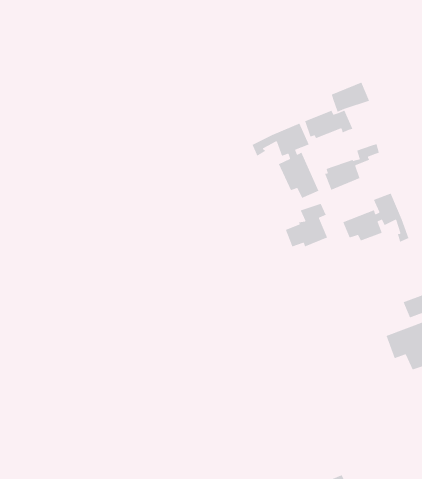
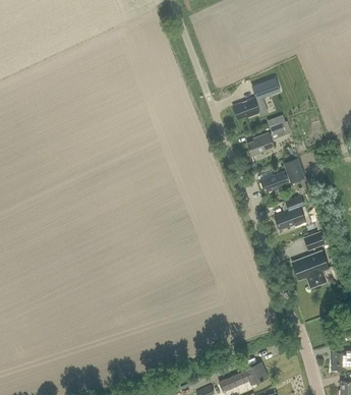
building: [252,123,320,199] -> none
building: [285,203,328,248] -> [273,195,304,228]

